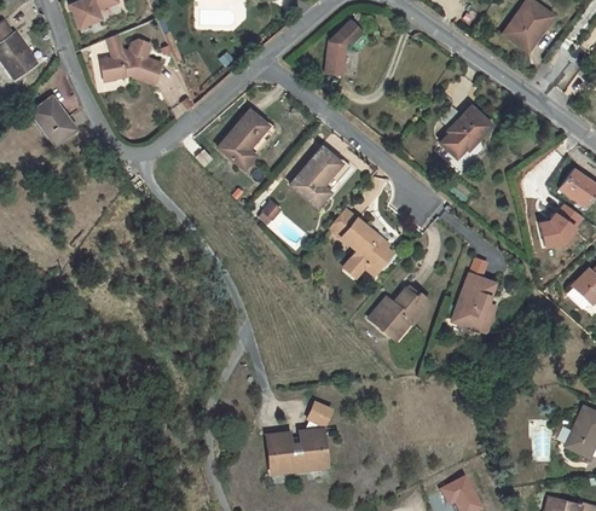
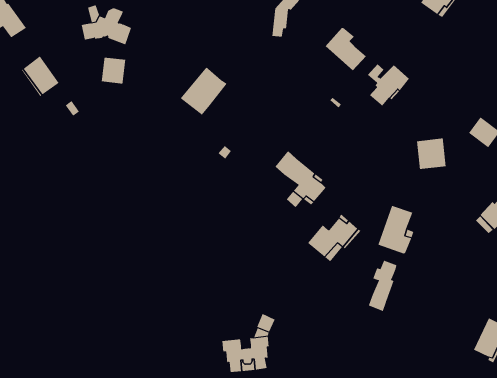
building: none -> [325,27,367,71]
building: none -> [101,57,126,84]
building: [290,146,348,205] -> none
building: [544,208,580,245] -> [416,138,447,170]
building: none -> [368,260,397,312]

